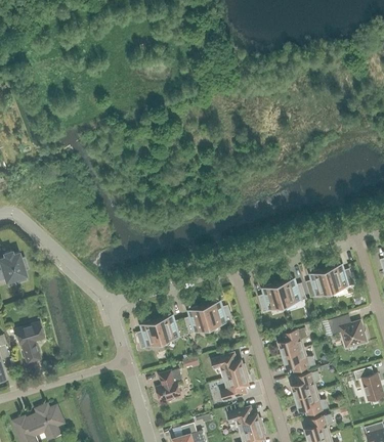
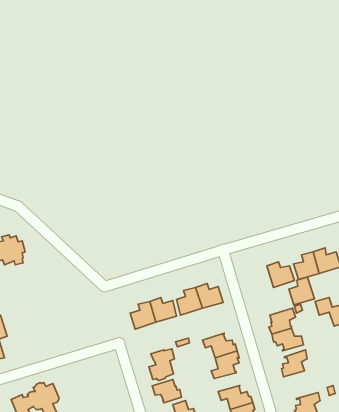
building: [258,282,285,311] -> [289,277,315,305]
building: [15,321,43,362] -> none
building: [295,391,329,413] -> none
building: none -> [152,379,182,403]

